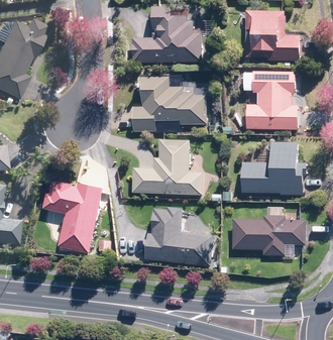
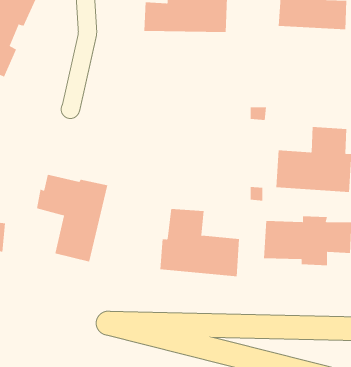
building: [244,69,299,130] -> none
building: [133,75,207,131] -> none
building: [132,138,202,195] -> none

